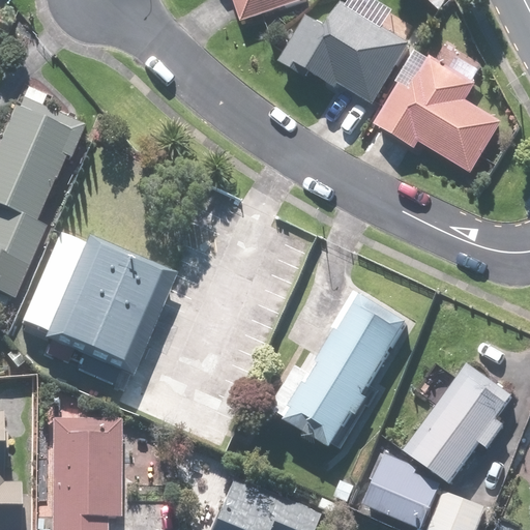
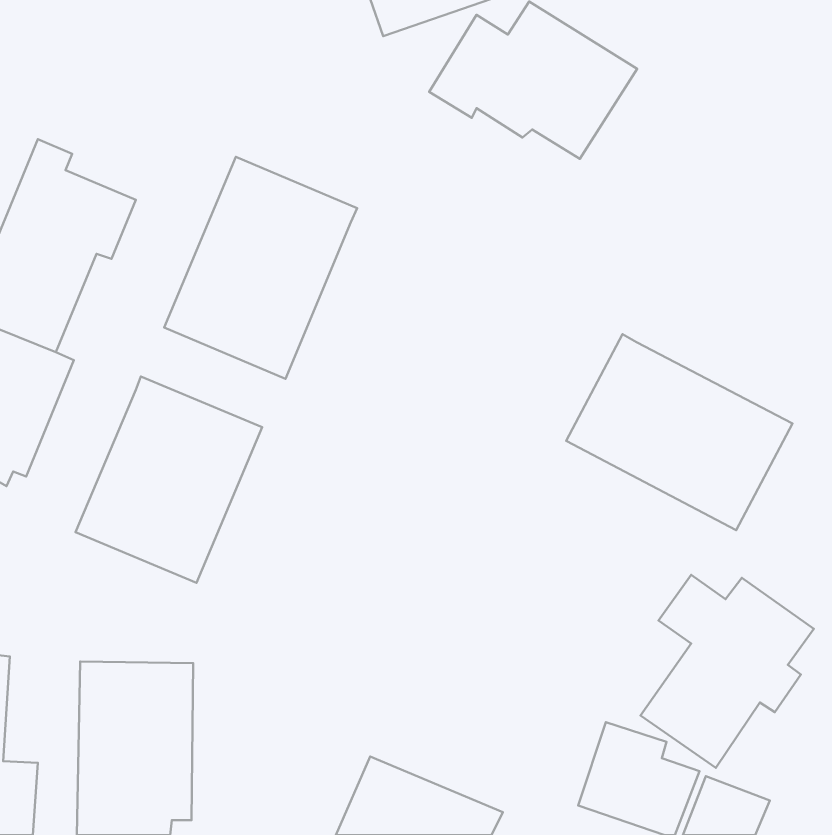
building: [374,42,502,175] -> none
building: none -> [164,157,357,379]
building: none -> [566,334,793,530]
building: [21,234,86,336] -> none
building: [271,291,407,449] -> none

